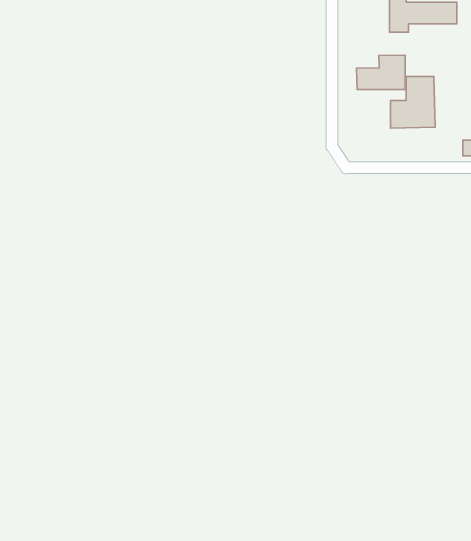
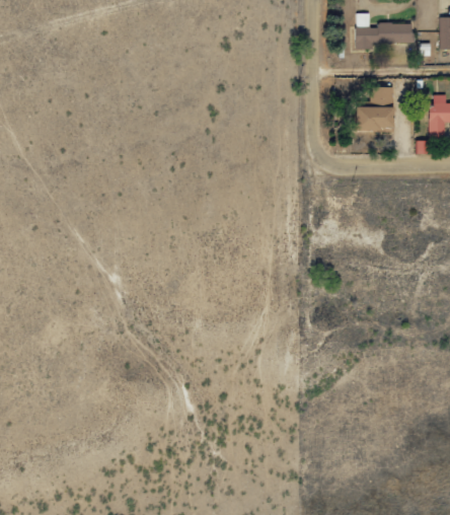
building: [357,55,405,90] -> none

